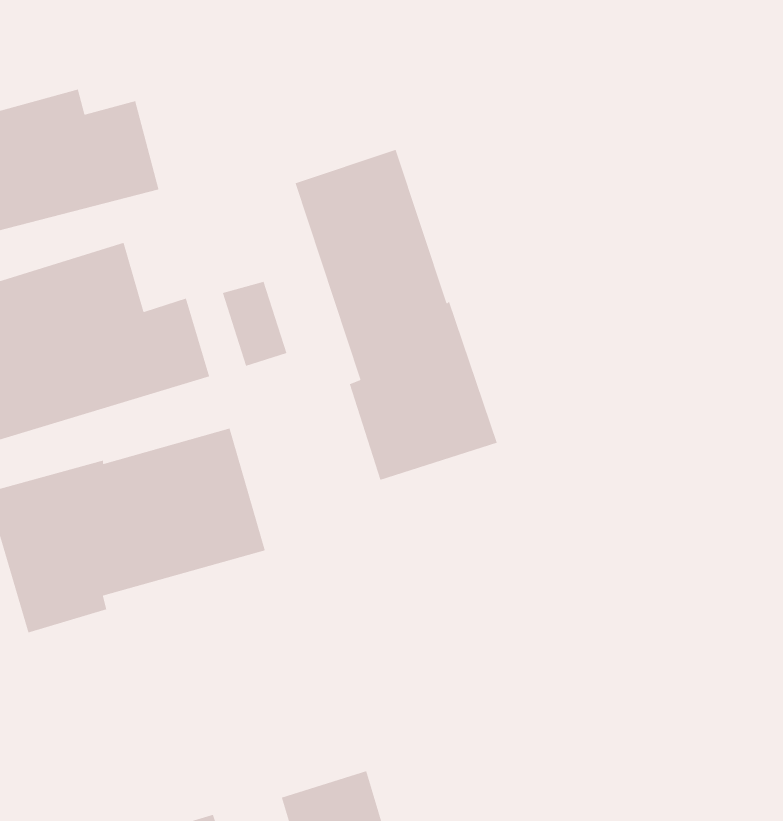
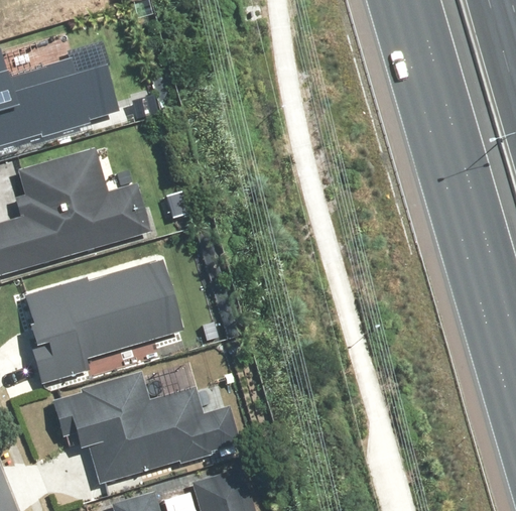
building: [295,149,498,481] -> none
building: none -> [47,370,243,488]

